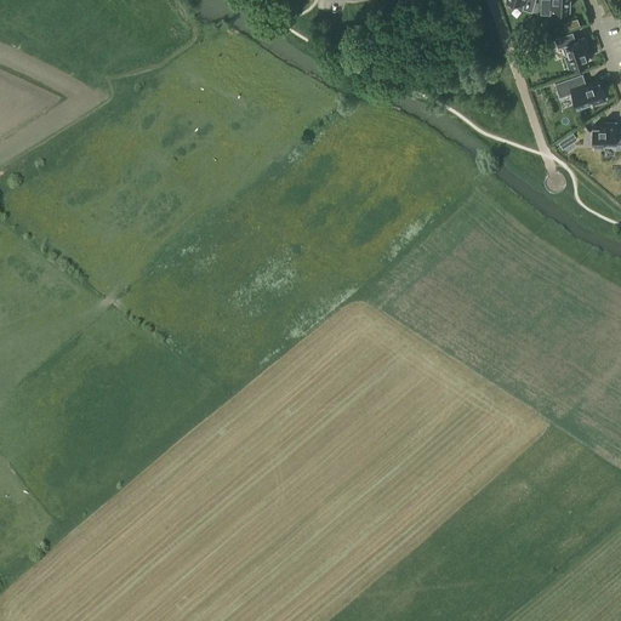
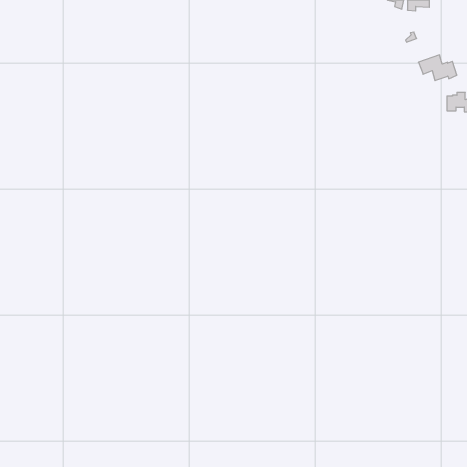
building: [556,33,589,69] -> none

